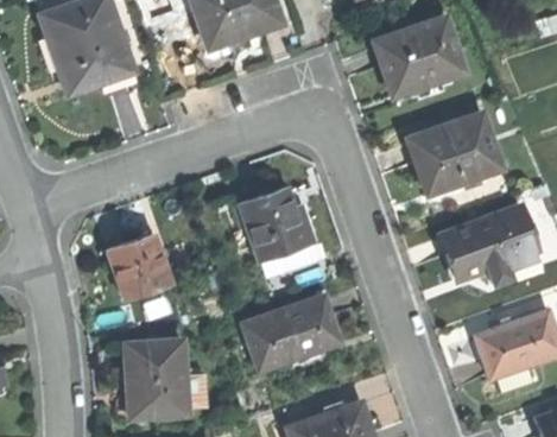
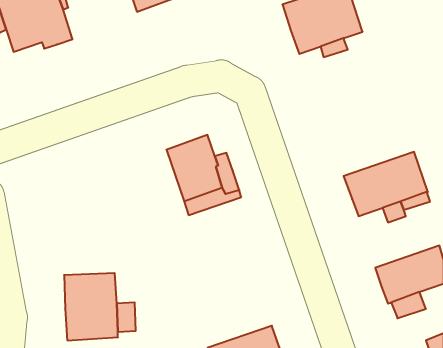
building: [407,112,501,194] -> none
building: [107,233,171,300] -> none
building: [243,293,340,366] -> none

